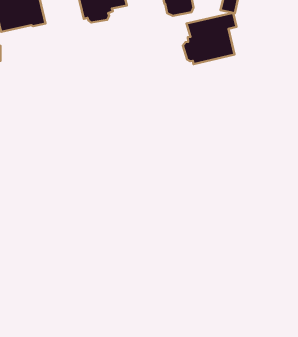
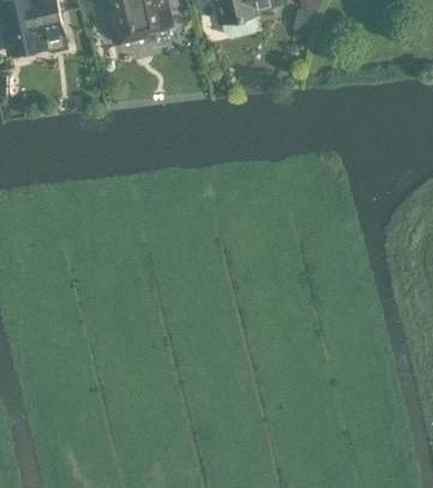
building: [183,13,236,64] -> none

